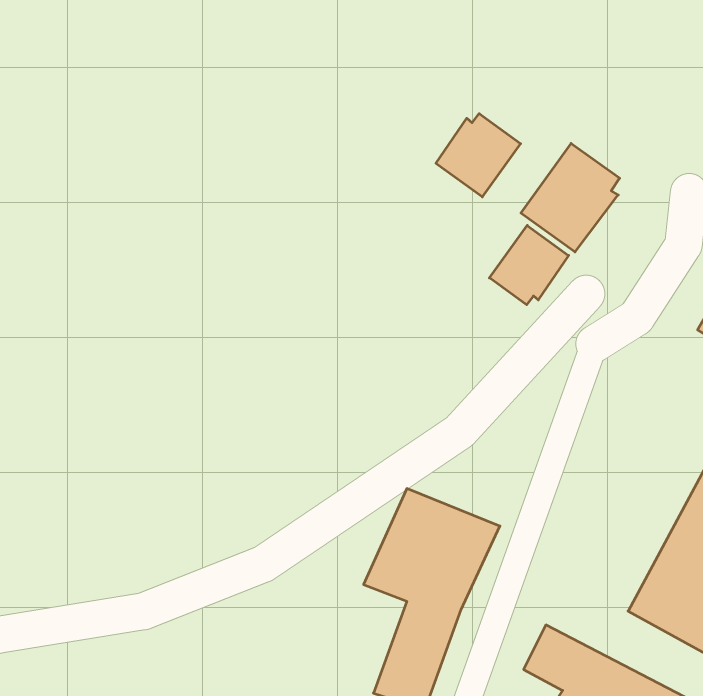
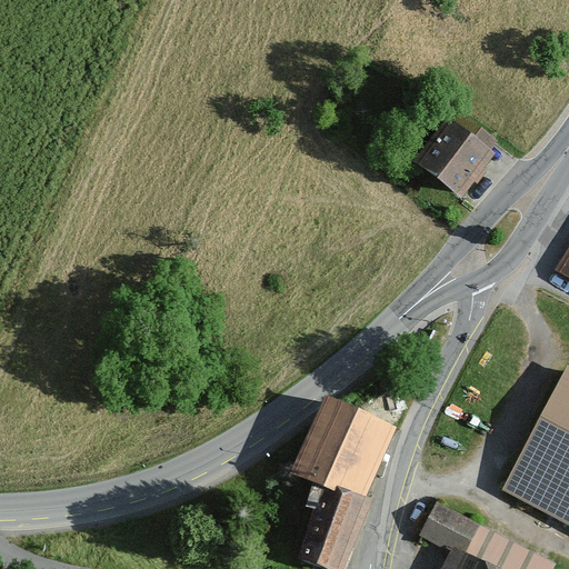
building: [436,114,521,197] -> none
building: [489,225,569,305] -> none

